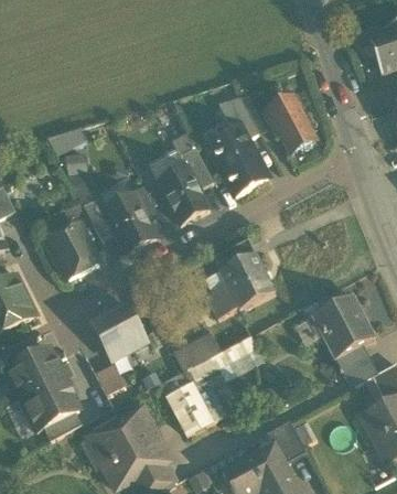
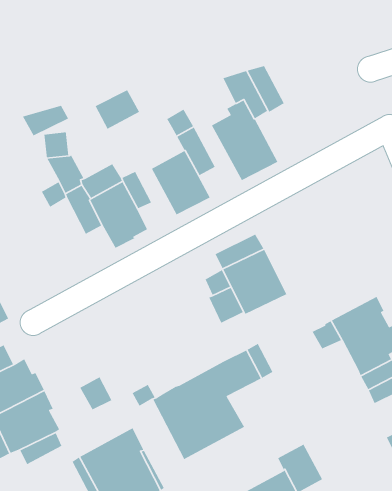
building: [269,98,315,154] -> none
building: [147,148,186,183] -> [94,89,140,130]
building: [47,225,99,279] -> none
building: [93,304,147,358] -> none
building: [171,330,221,370] -> none

